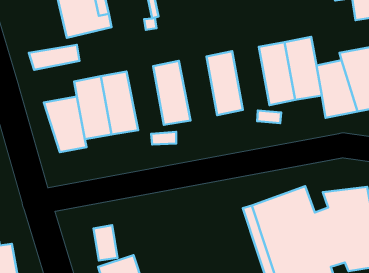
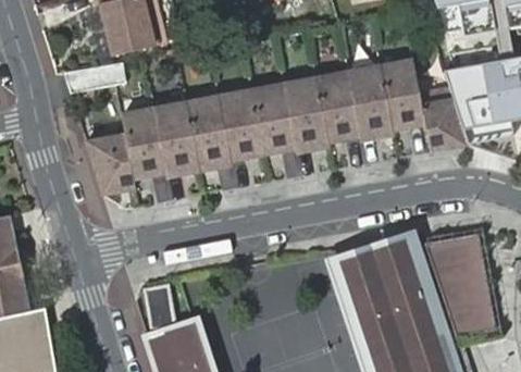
building: none -> [314,65,360,142]
building: none -> [249,77,296,156]
building: none -> [185,89,231,168]

